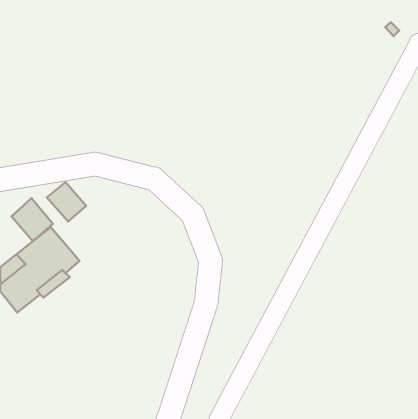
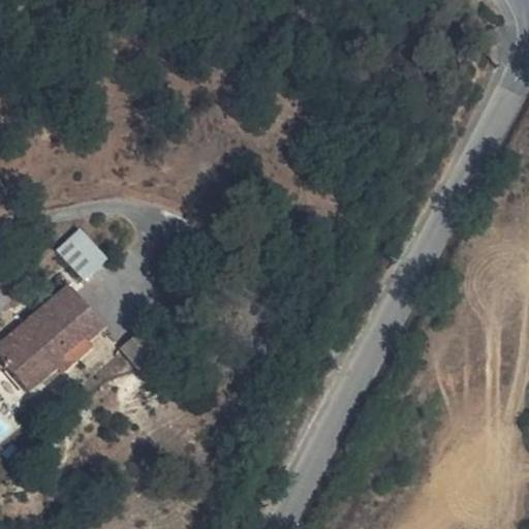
building: [12,198,53,241] -> none

